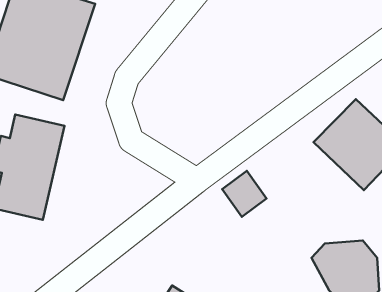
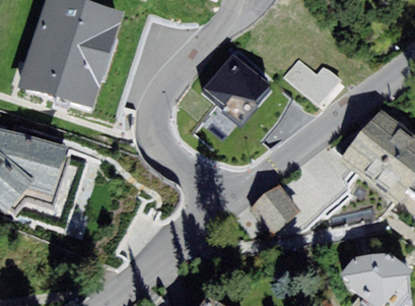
building: none -> [196,47,276,126]
building: none -> [287,57,341,103]

